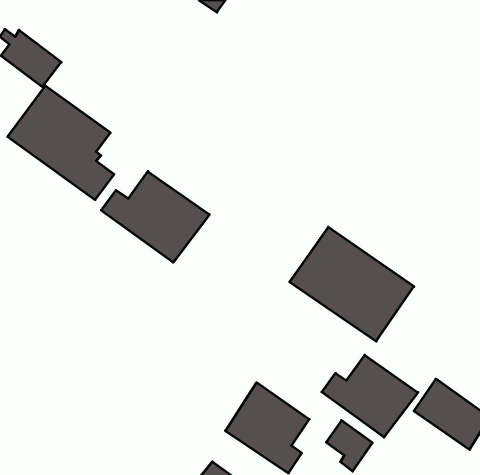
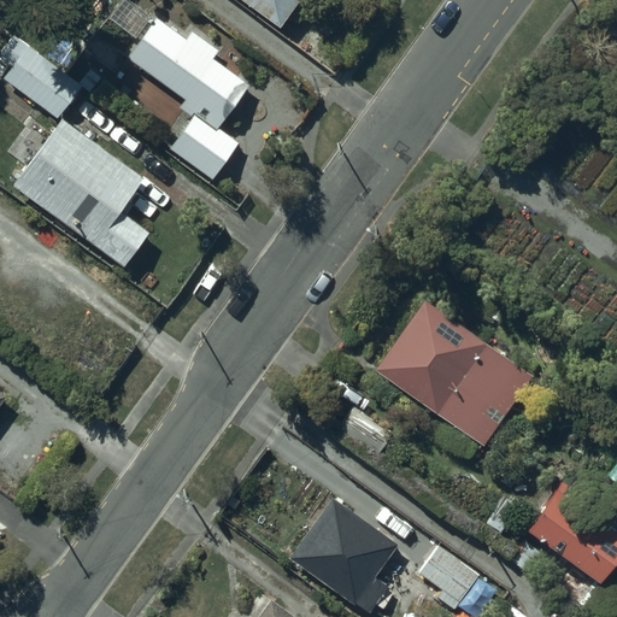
building: none -> [128,19,249,181]
building: [101,171,209,262] -> none
building: [322,355,418,437] -> none

